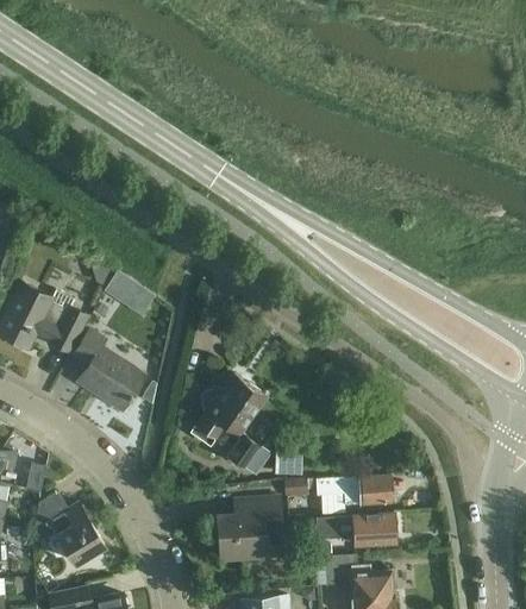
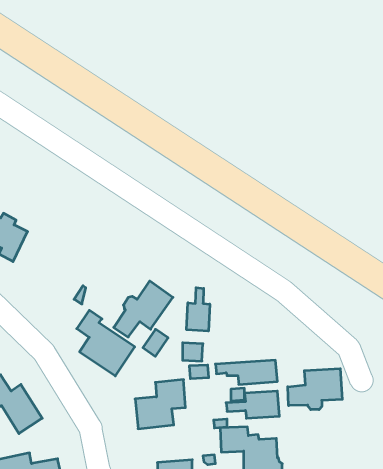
building: [106,272,156,318] -> none
building: [74,331,145,412] -> [77,310,135,376]
building: none -> [187,288,210,331]
building: none -> [288,369,342,410]

